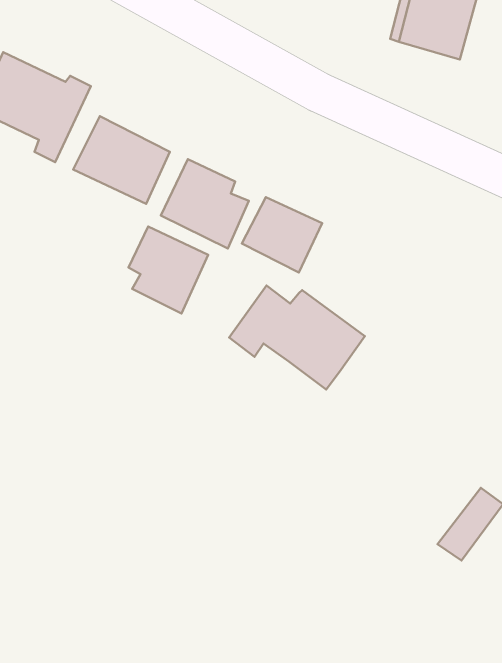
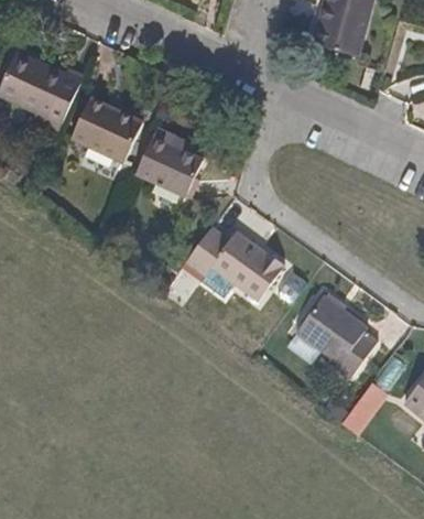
building: [242,197,322,273] -> none
building: [129,227,208,314] -> none
building: none -> [295,292,377,378]

